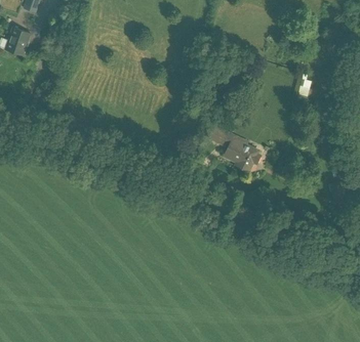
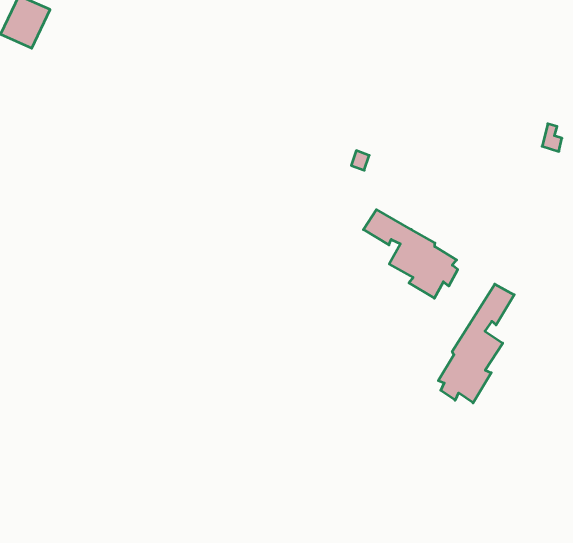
building: none -> [438,284,514,403]

